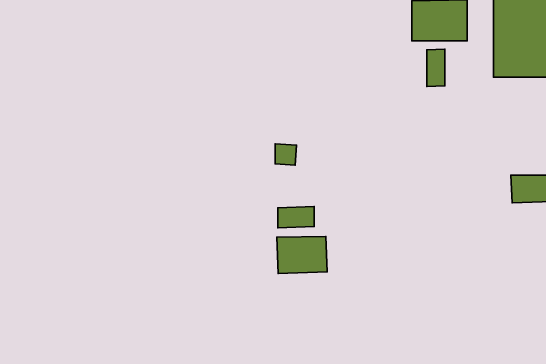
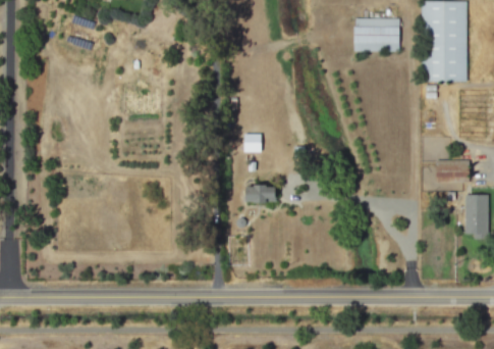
building: [427,49,445,87] -> none
building: [277,237,327,273] -> none

